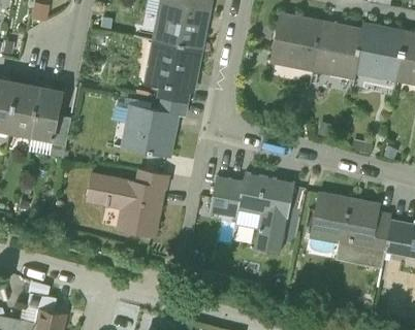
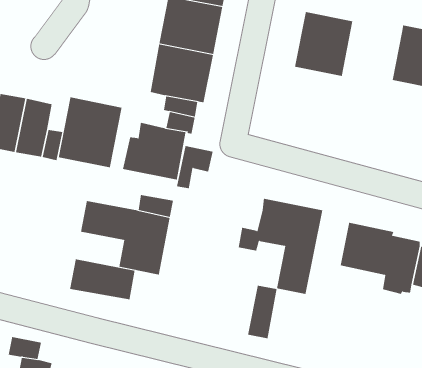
building: [312,21,362,76] -> none
building: none -> [58,97,122,168]
building: [211,177,243,214] -> [176,146,214,189]
building: none -> [70,258,135,300]
building: none -> [247,285,277,339]

